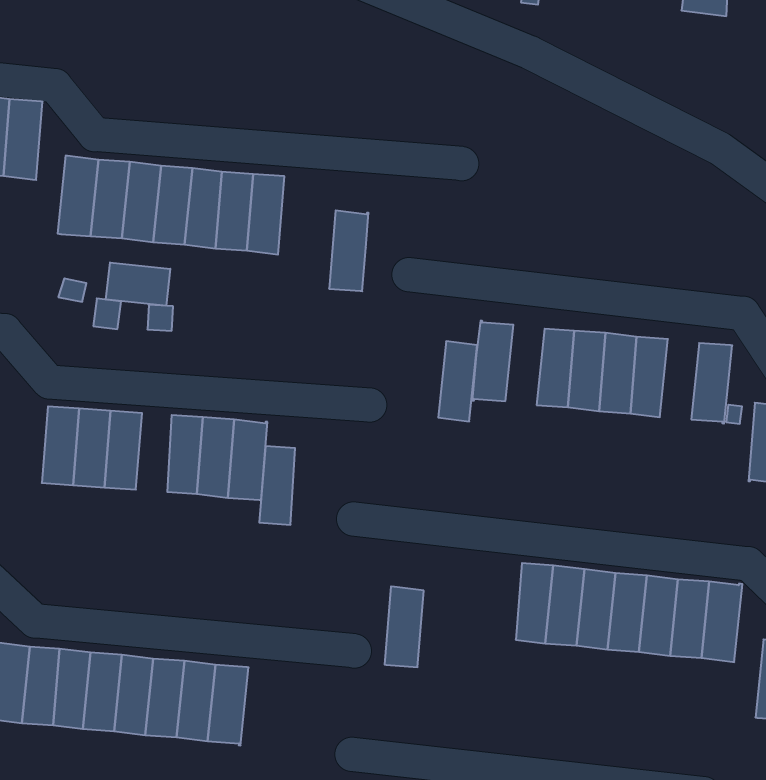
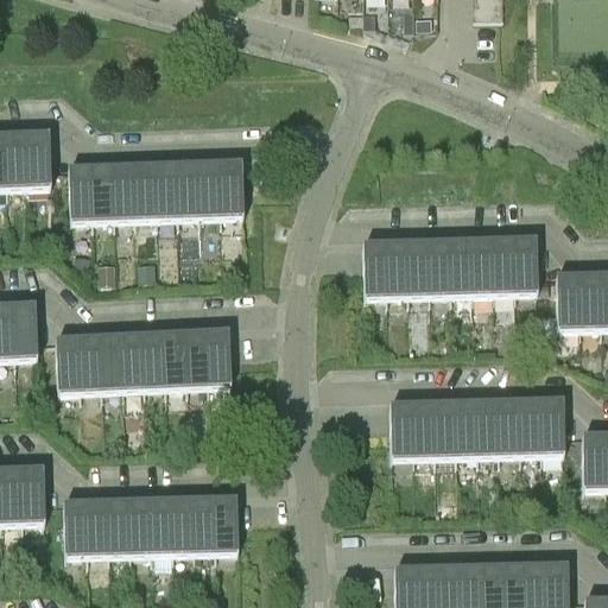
building: [329,210,369,291] -> [218,159,243,214]
building: [106,262,170,306] -> none
building: none -> [492,238,514,291]
building: [438,341,477,421] -> [386,241,408,293]
building: none -> [56,336,81,391]
building: [259,446,295,525] -> [142,331,166,385]
building: [385,586,424,667] -> [390,401,414,455]

